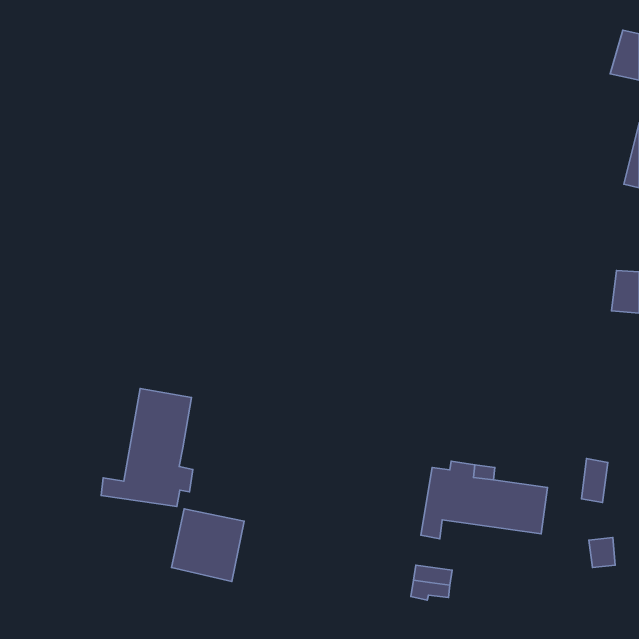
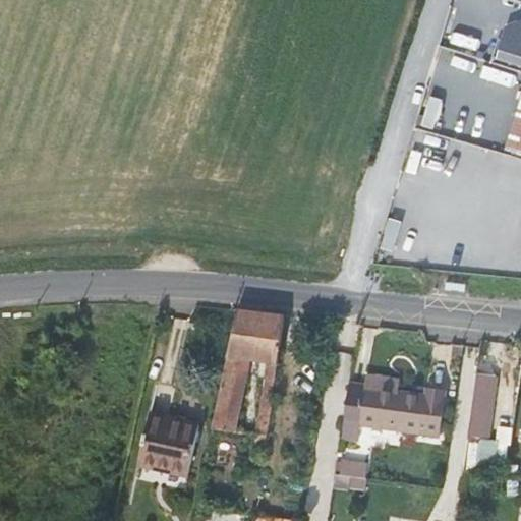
building: none -> [211,309,285,448]
building: [101,389,193,507] -> none

